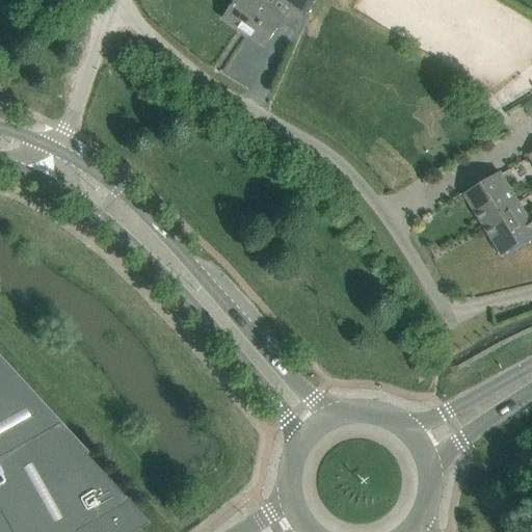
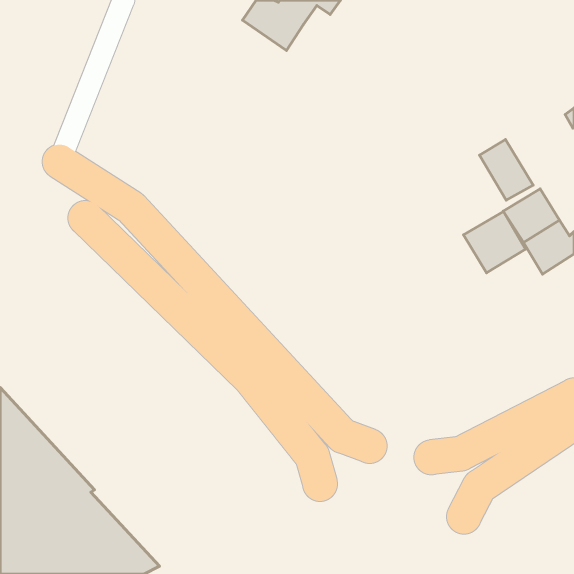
building: none -> [479,139,533,200]
building: none -> [463,212,525,273]

